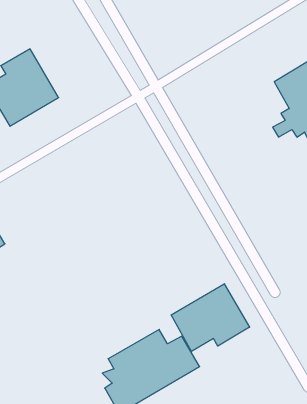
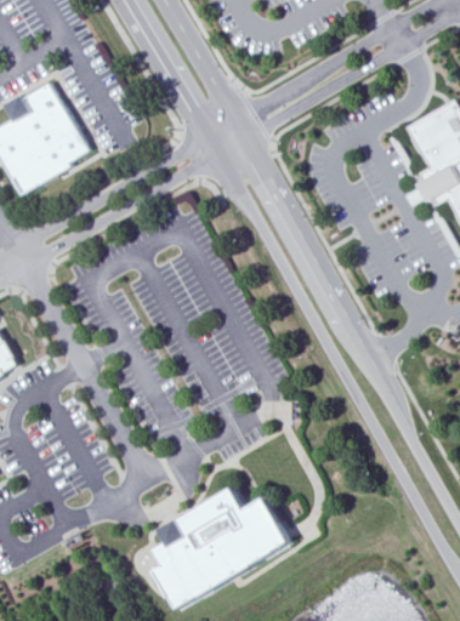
building: [171,284,250,351] -> none

